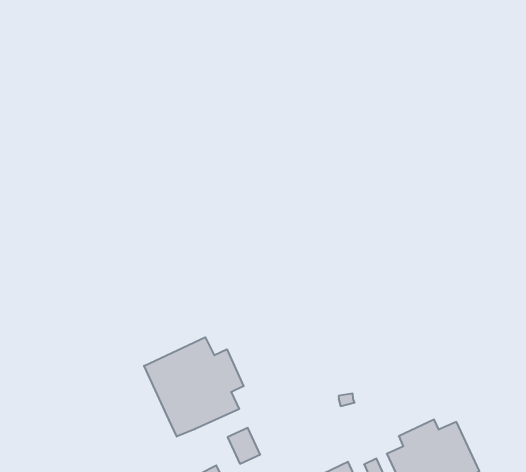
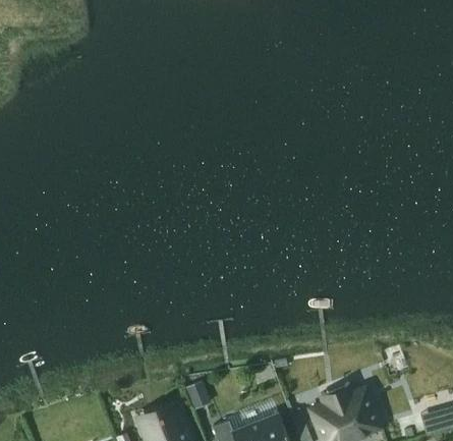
building: [144,337,244,437] -> none

